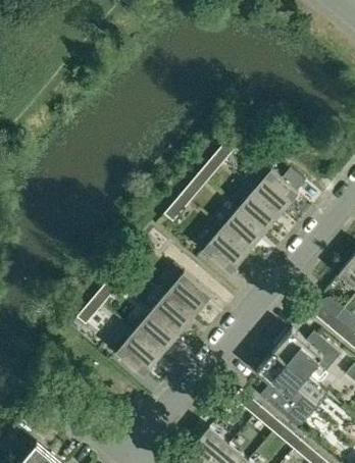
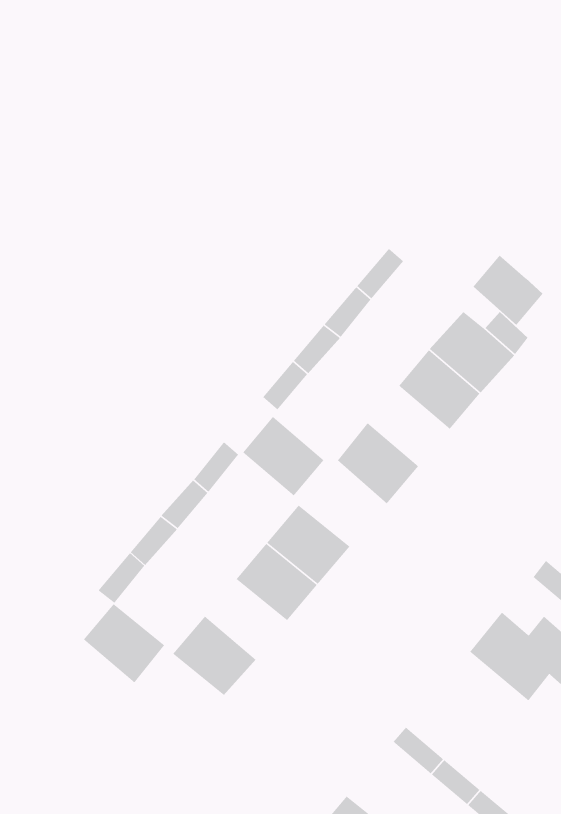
building: none -> [472,254,544,326]
building: [221,208,265,251] -> [242,416,324,496]
building: [135,311,179,354] -> [83,603,165,683]
building: [258,350,318,429] -> none

